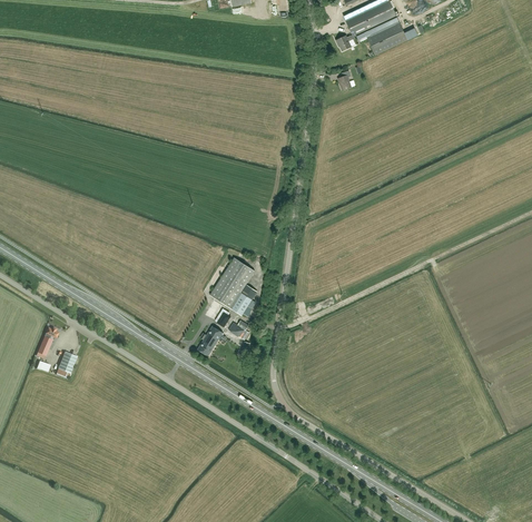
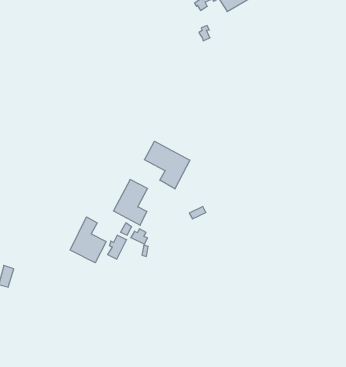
building: none -> [144,141,190,189]
building: none -> [70,217,106,263]

